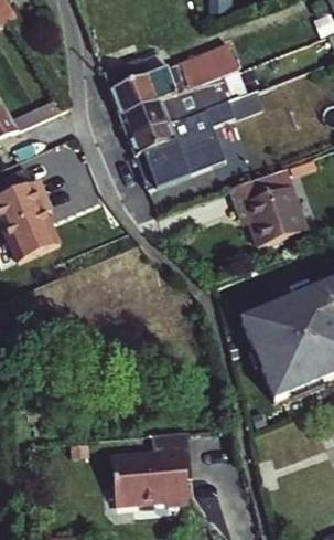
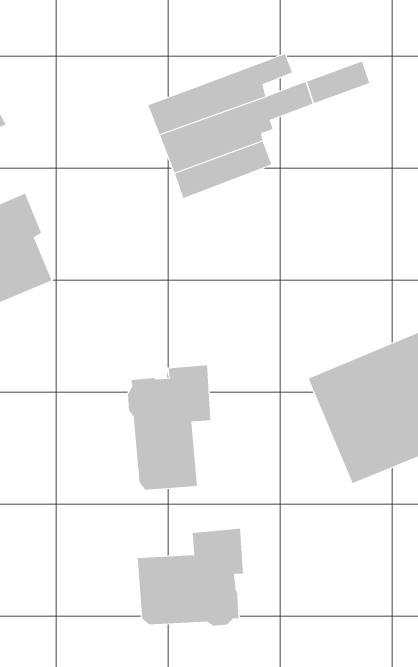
building: [104,55,224,114] -> none
building: [216,171,292,248] -> none
building: none -> [128,365,211,490]

